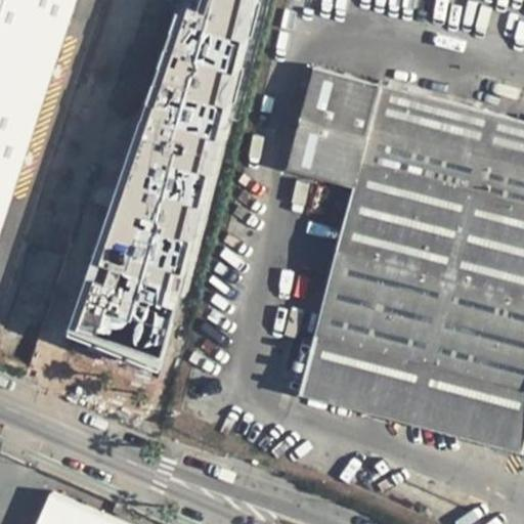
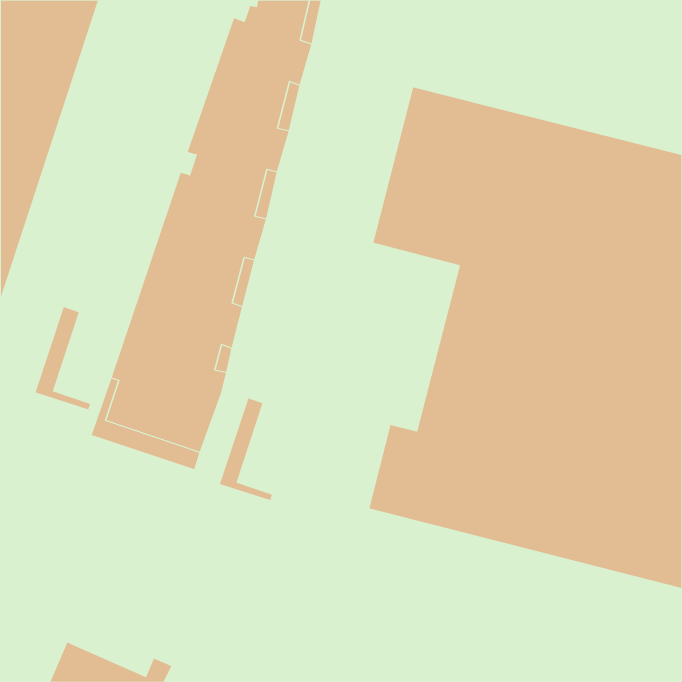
building: none -> [35,306,91,410]
building: none -> [219,397,273,501]

